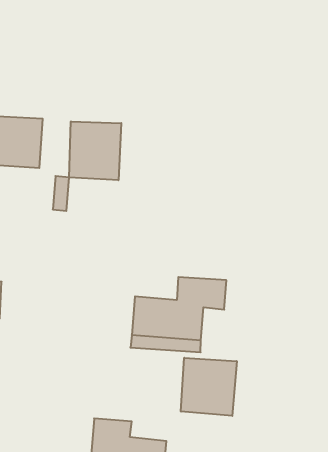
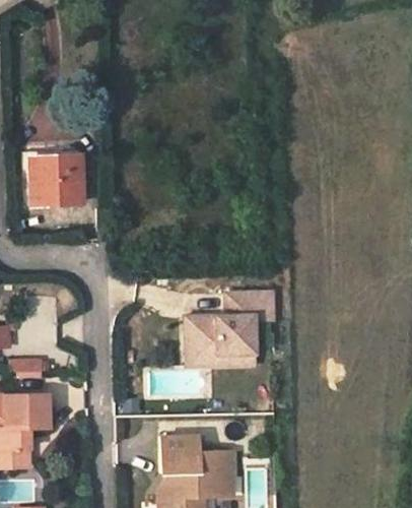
building: [69,121,121,180] -> none
building: [181,358,237,416] -> none

